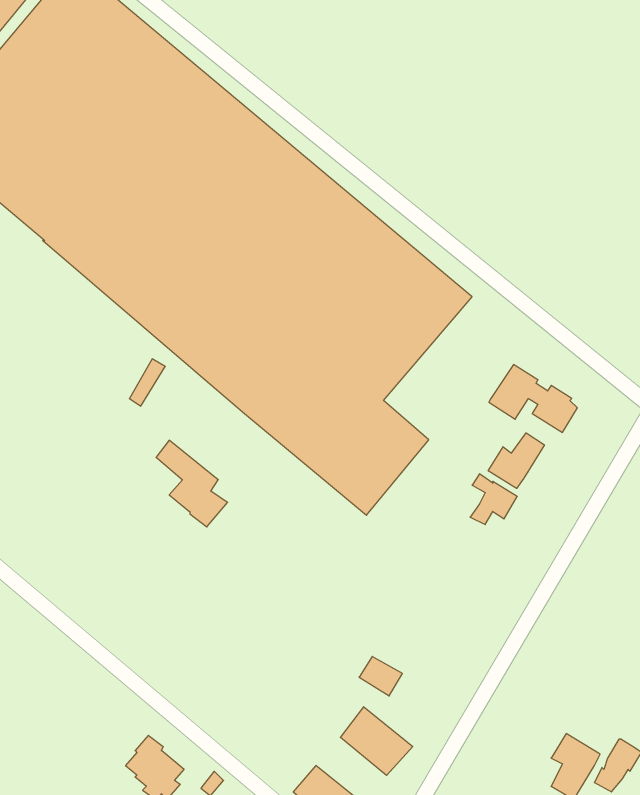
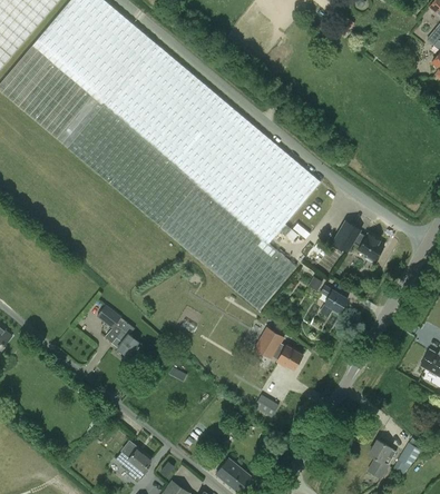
building: [488,433,544,488] -> none
building: [156,440,228,527] -> [97,305,139,356]
building: none -> [254,327,303,369]
building: [340,707,413,775] -> none

